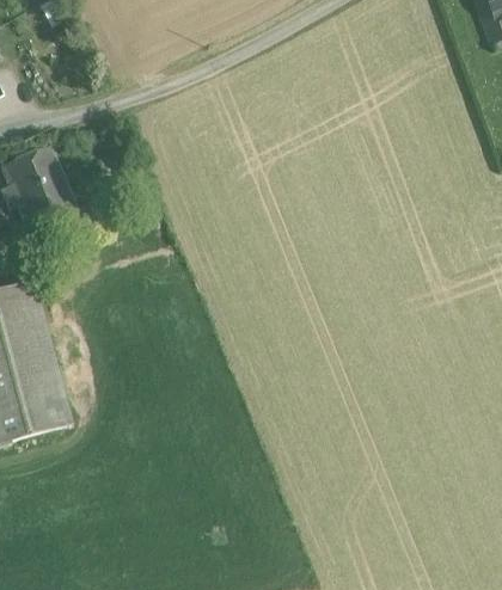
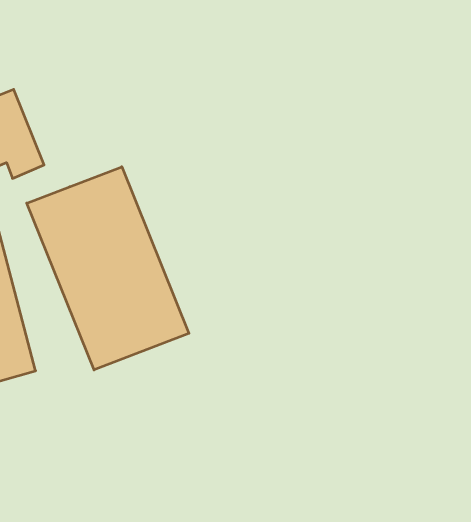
building: none -> [27,167,189,370]

